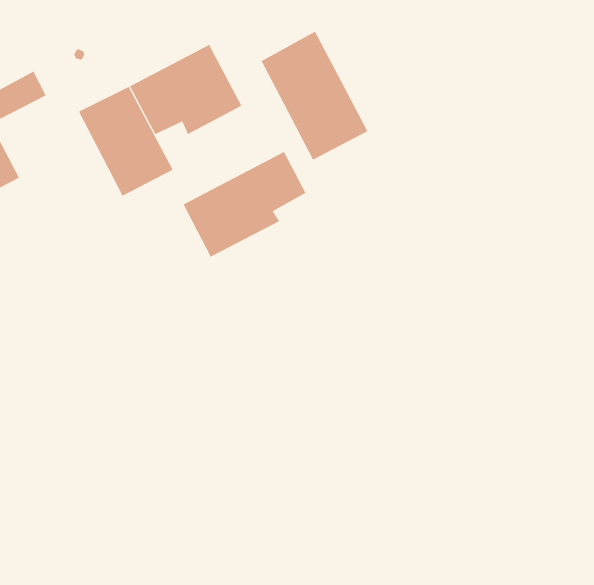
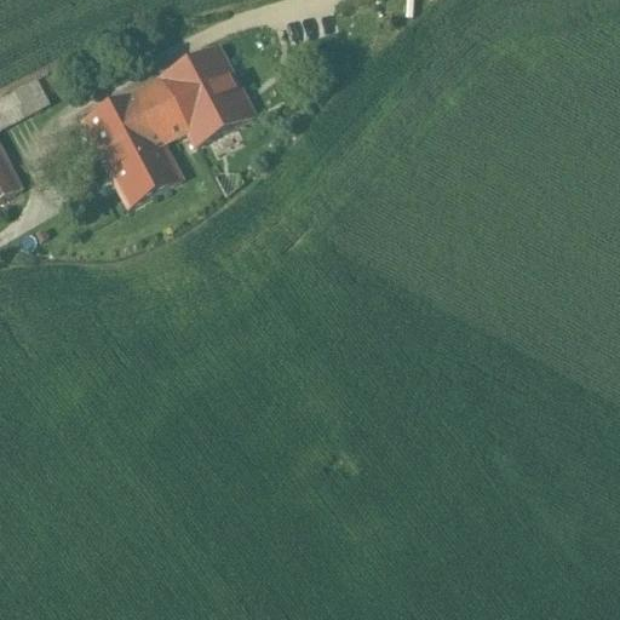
building: [261,31,368,161] -> none
building: [183,151,306,258] -> none

